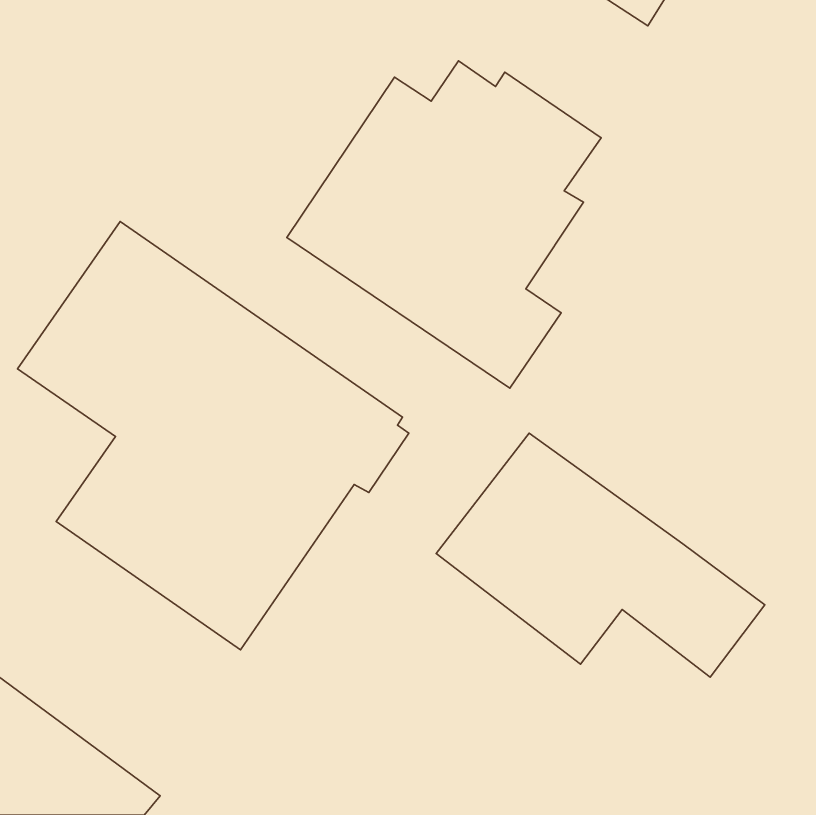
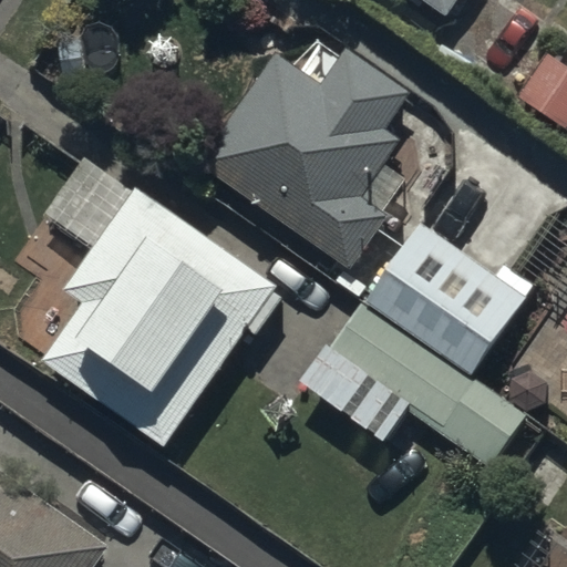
building: none -> [365,224,534,375]

